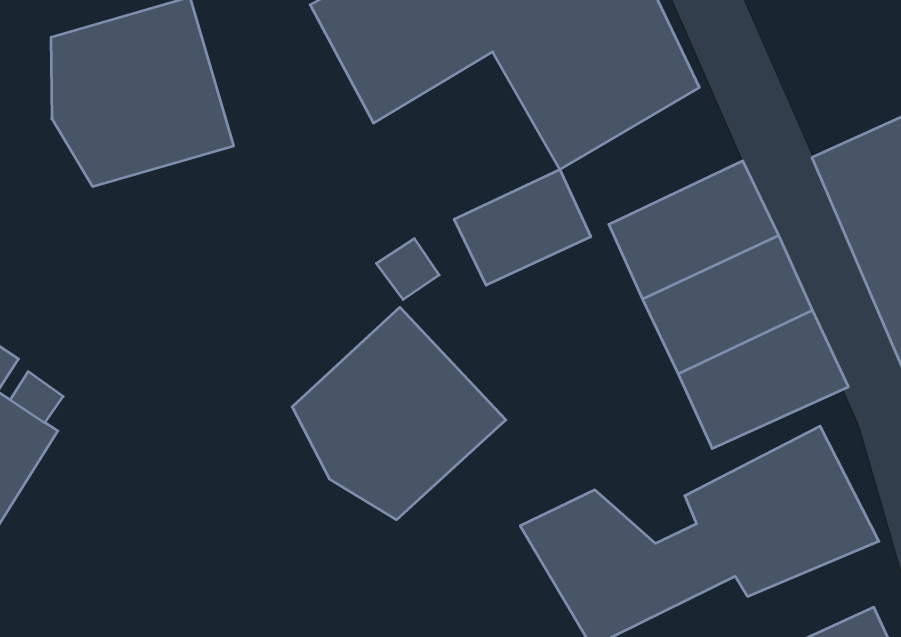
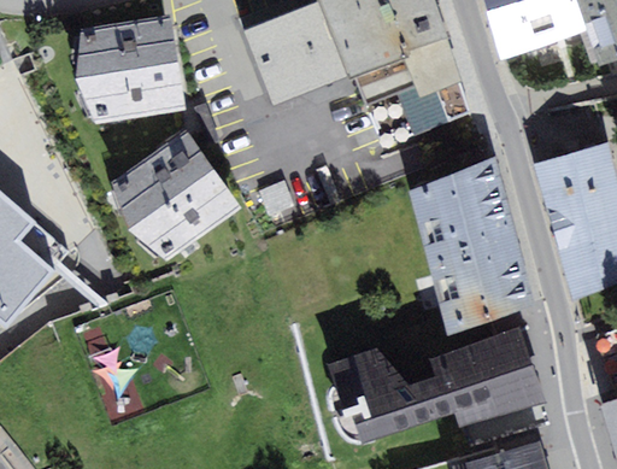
building: [454,170,591,285] -> none
building: [292,307,506,520] -> [111,130,240,259]

